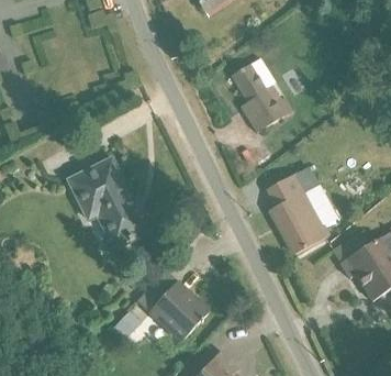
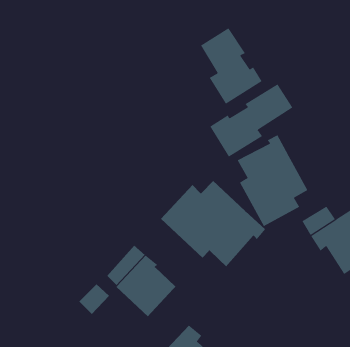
building: none -> [210,84,293,158]
building: [66,159,147,250] -> none
building: none -> [160,180,266,267]

